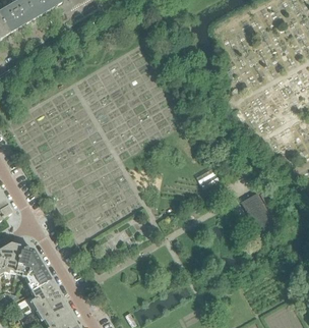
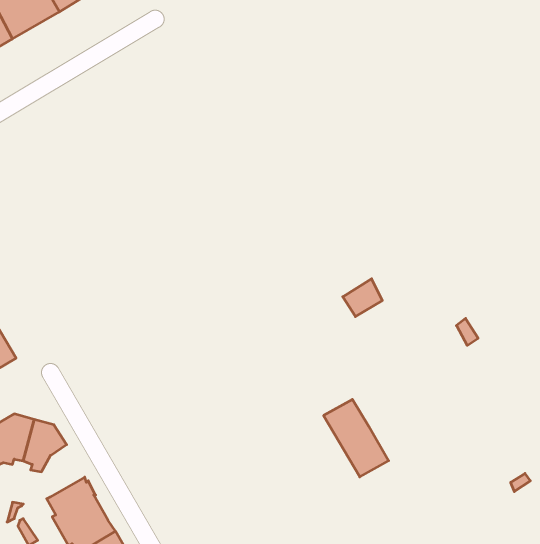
building: [241,193,277,236] -> [324,399,389,477]
building: [26,261,51,290] -> none

